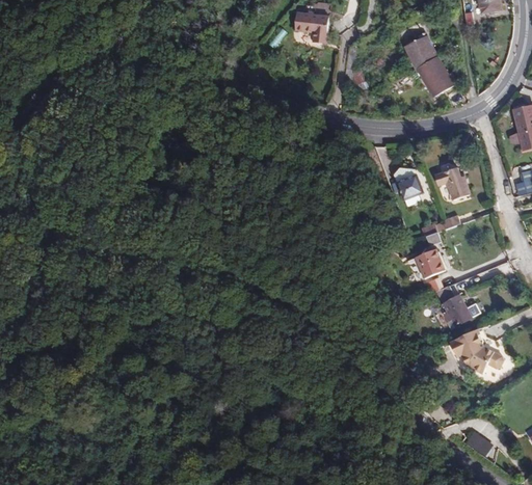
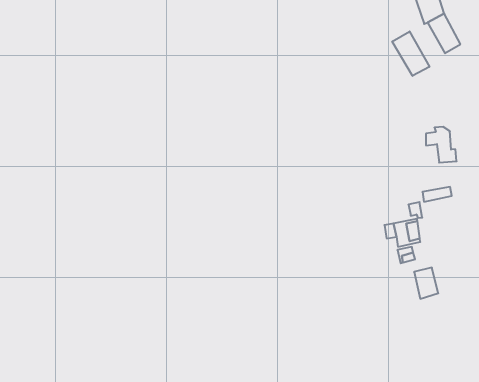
building: none -> [392,31,429,76]
building: [399,174,424,199] -> none
building: [453,328,505,373] -> none

